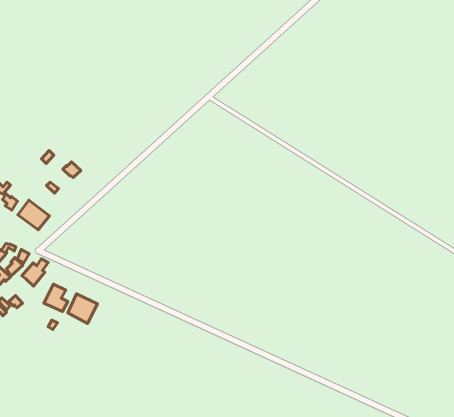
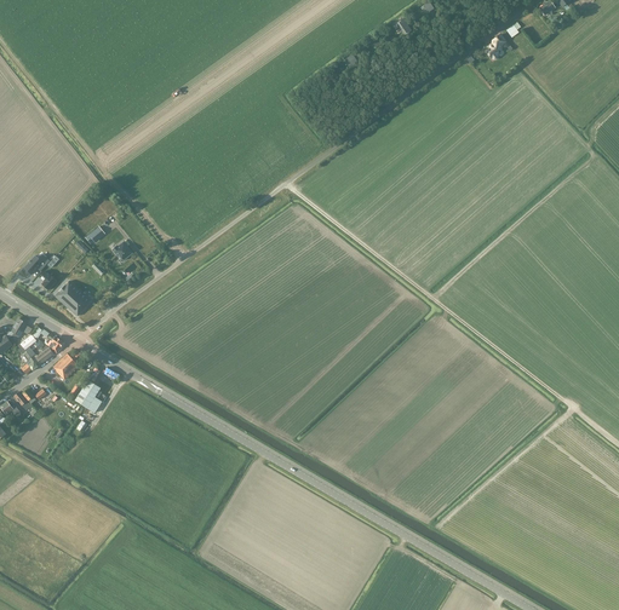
building: [68,294,97,323] -> none

